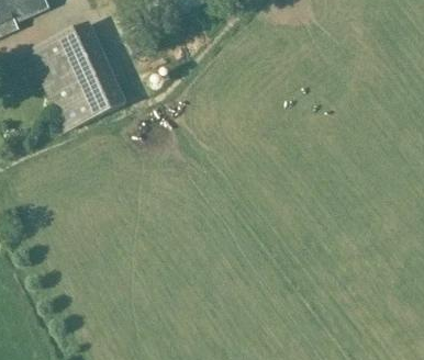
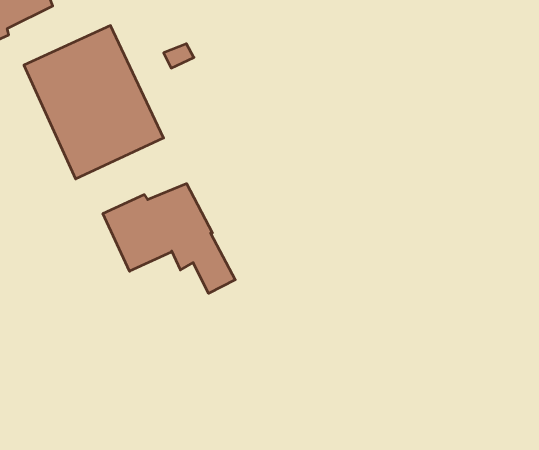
building: none -> [103,184,235,293]

